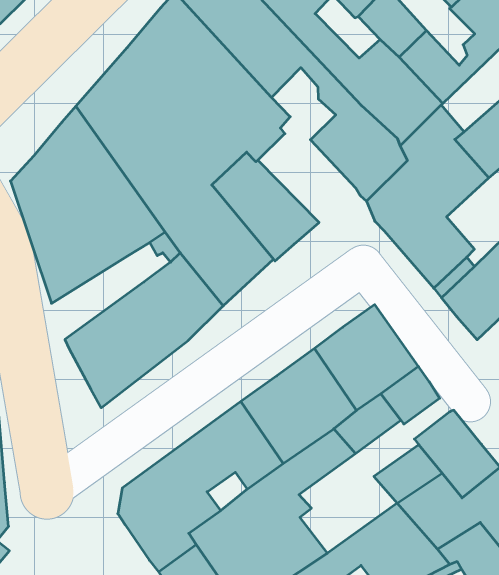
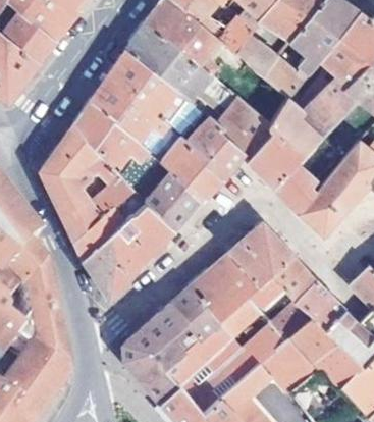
building: none -> [184,115,244,175]
building: none -> [72,207,125,260]
building: none -> [231,321,287,369]

